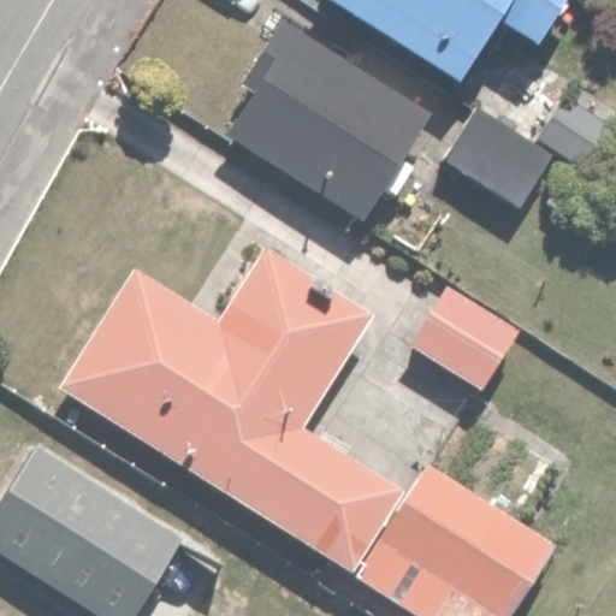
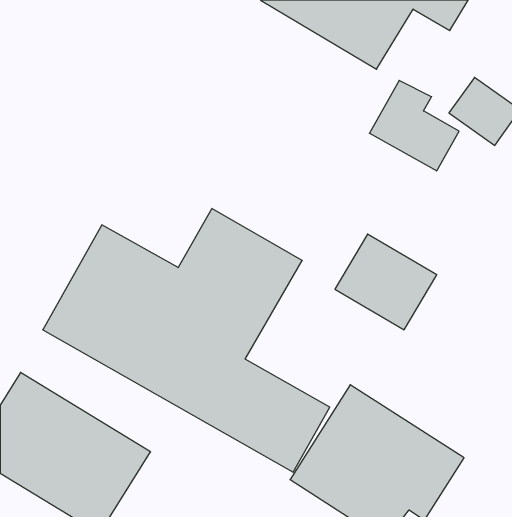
building: [229,18,432,221] -> none

